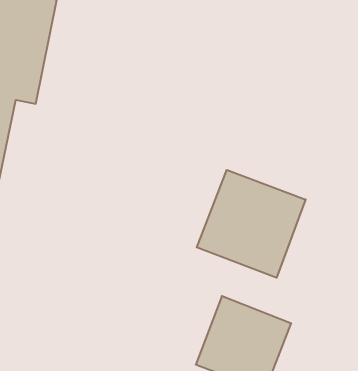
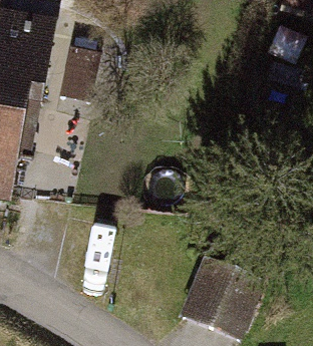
building: [197,170,306,278] -> none

